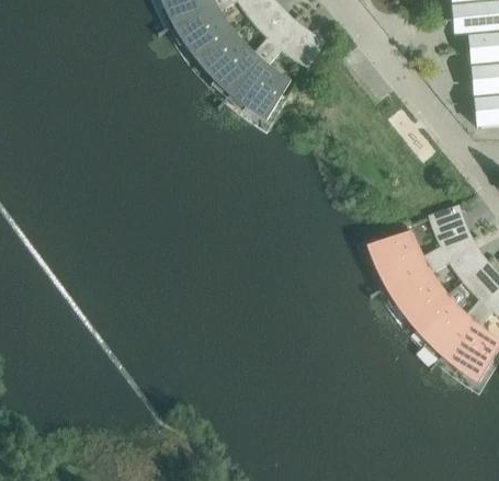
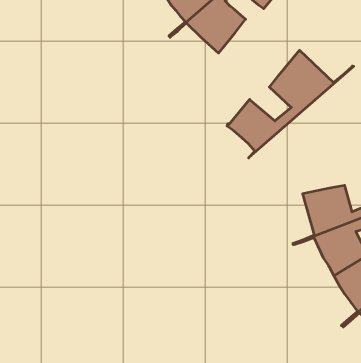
building: none -> [227,50,354,158]

